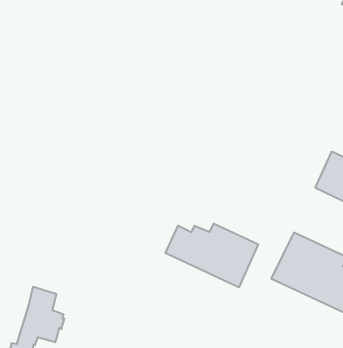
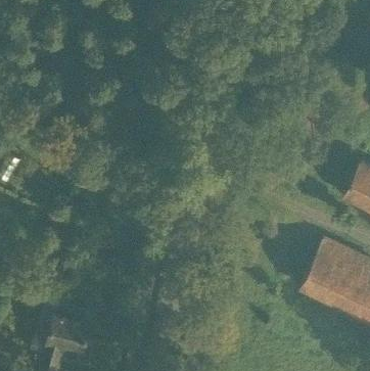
building: [166,224,258,287] -> none

